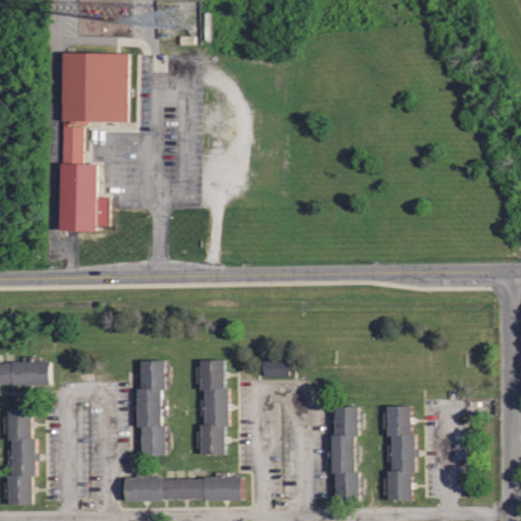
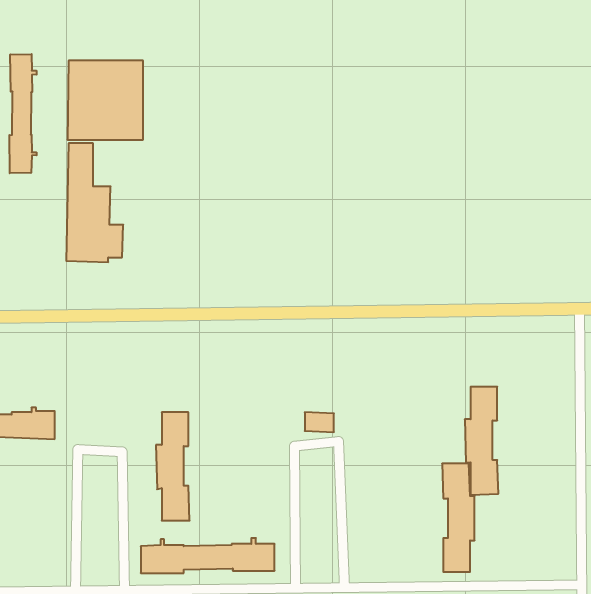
building: none -> [9,54,37,173]
building: [200,361,229,456] -> none
building: [330,408,359,503] -> [465,387,498,495]
building: [7,411,36,506] -> none

